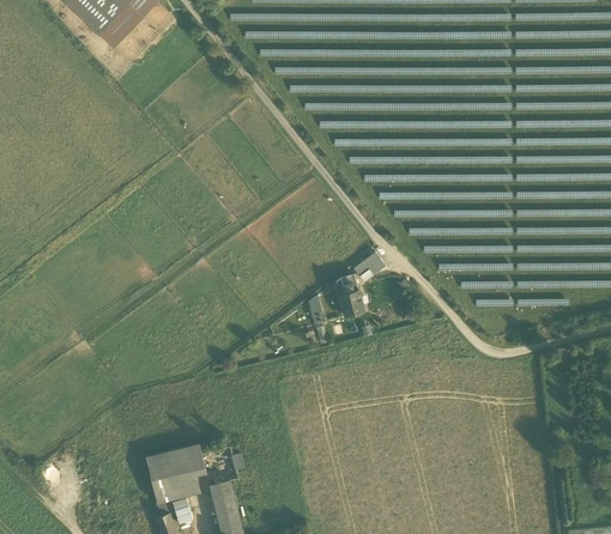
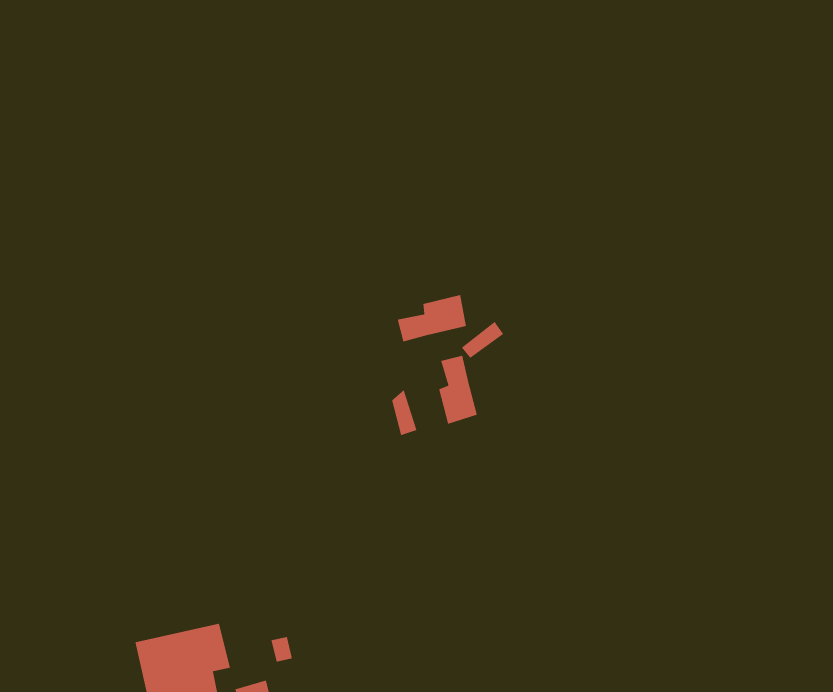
building: none -> [397,294,467,342]

